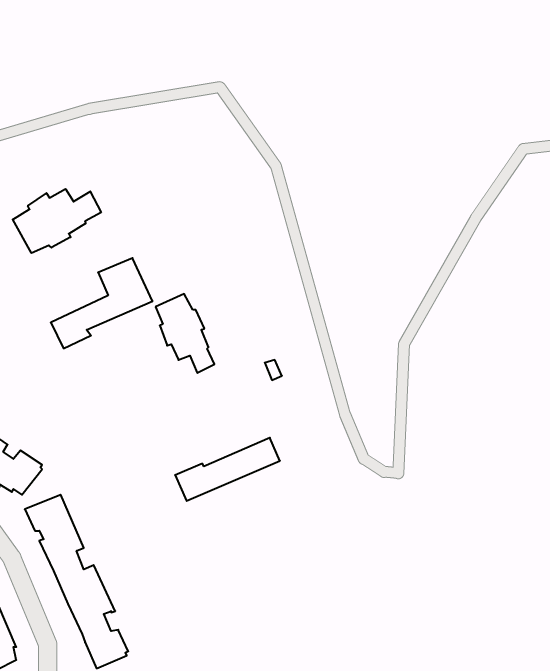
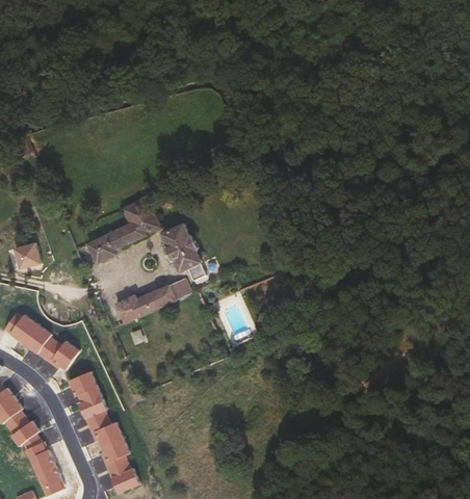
building: [13,189,101,253] -> none
building: [175,438,280,501] -> [113,278,189,323]

